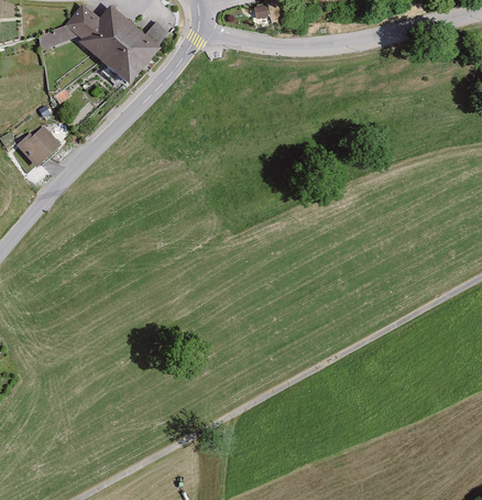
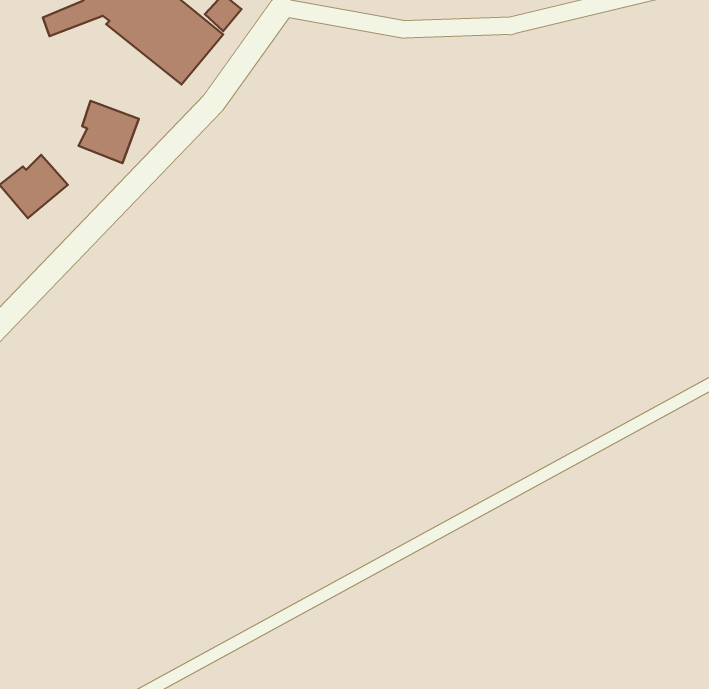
building: none -> [79,101,139,163]

